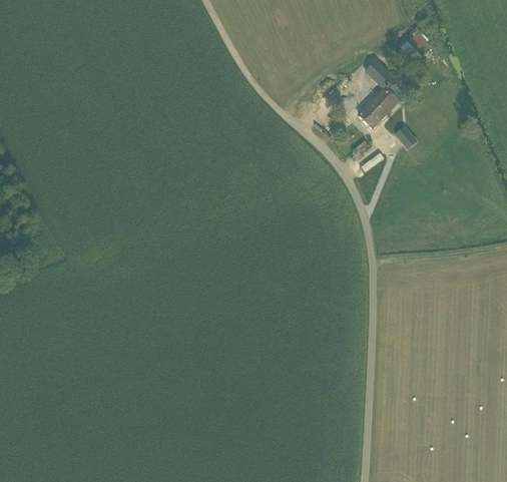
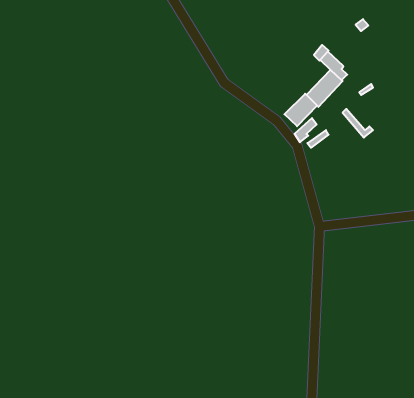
building: none -> [284,94,317,126]

